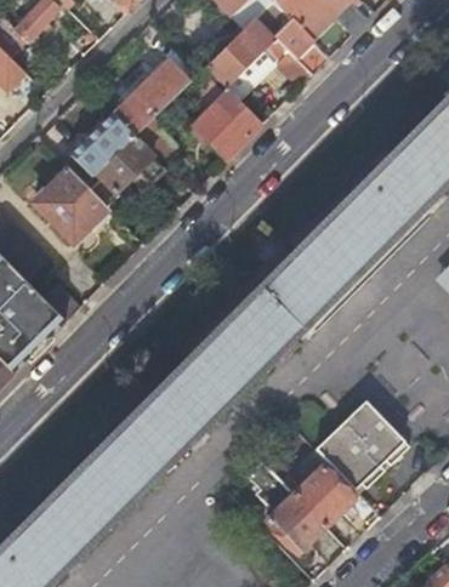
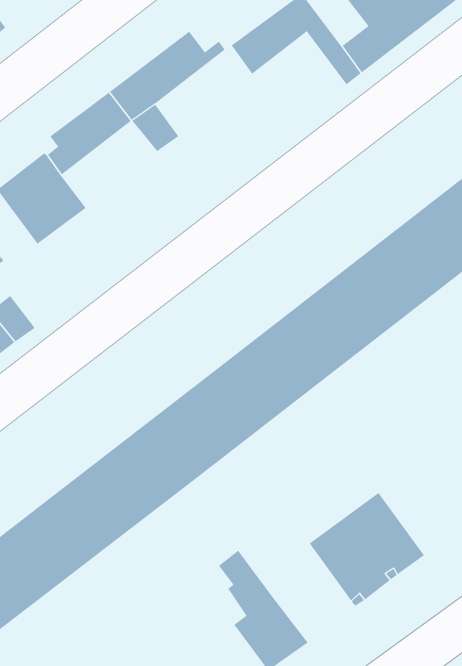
building: [191,89,261,159] -> none
building: [84,137,165,198] -> none
building: [292,467,353,526] -> none

